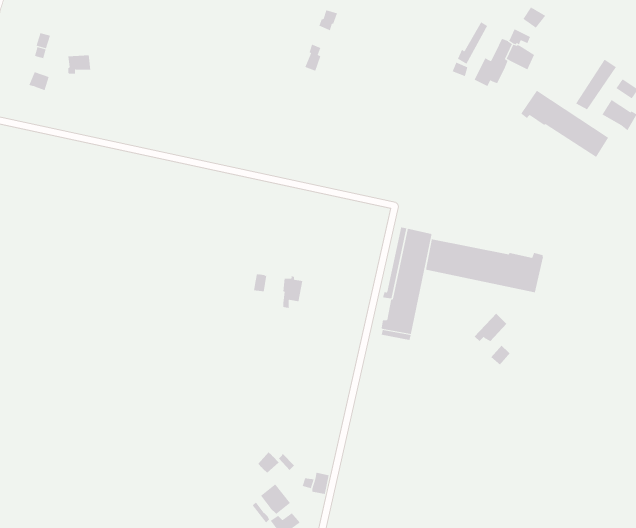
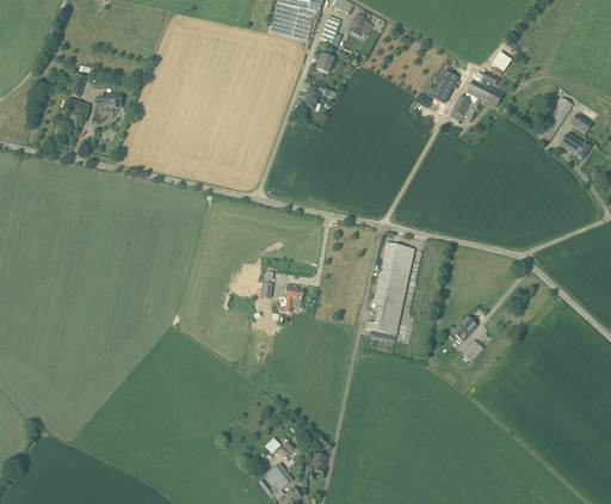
building: [521,90,609,158] -> none
building: [425,238,543,293] -> none

